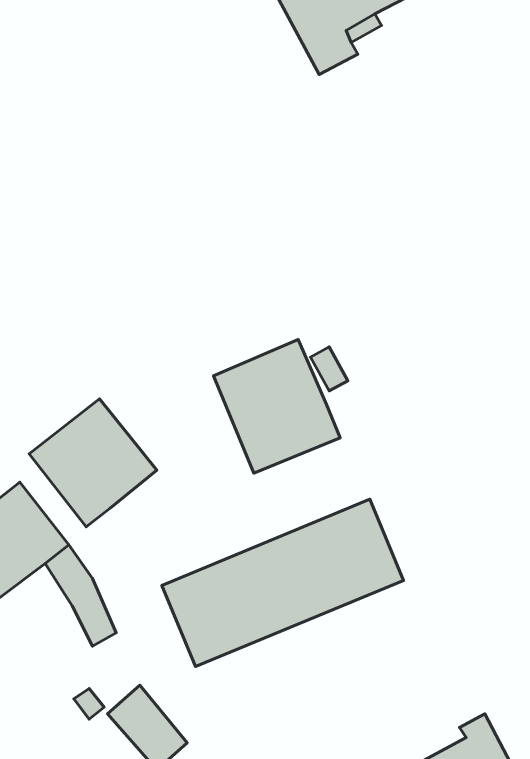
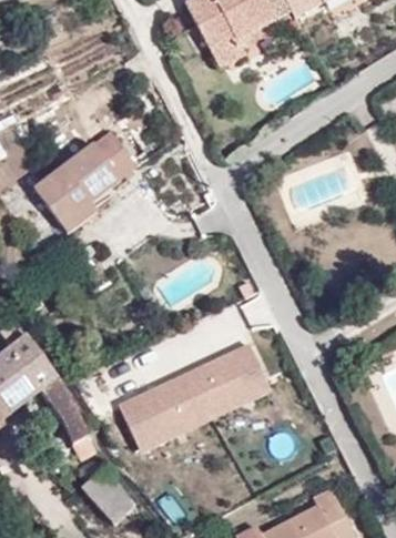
building: none -> [33,129,138,232]
building: [214,339,340,473] -> none
building: [29,399,157,527] -> none

